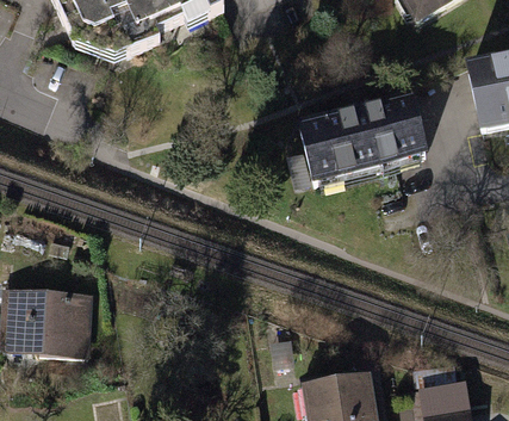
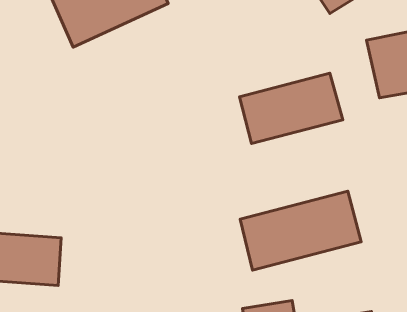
building: none -> [240,191,361,270]

